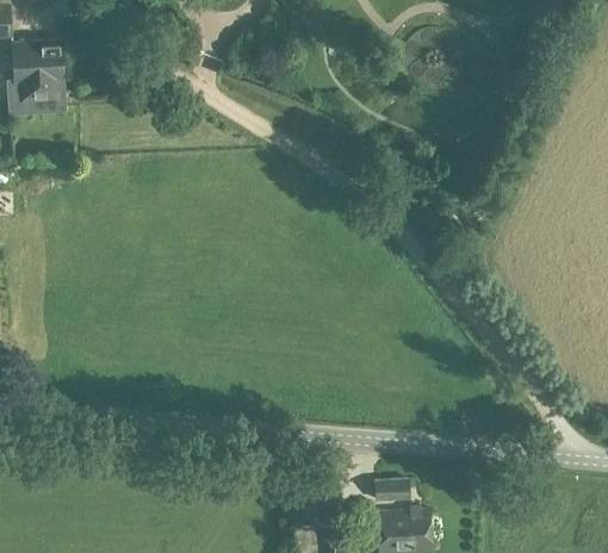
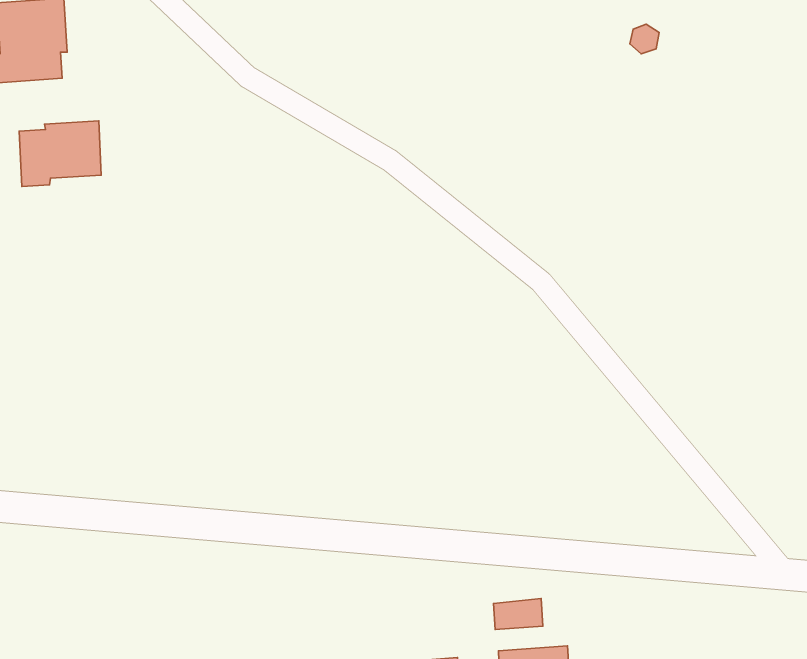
building: none -> [19,121,101,187]

